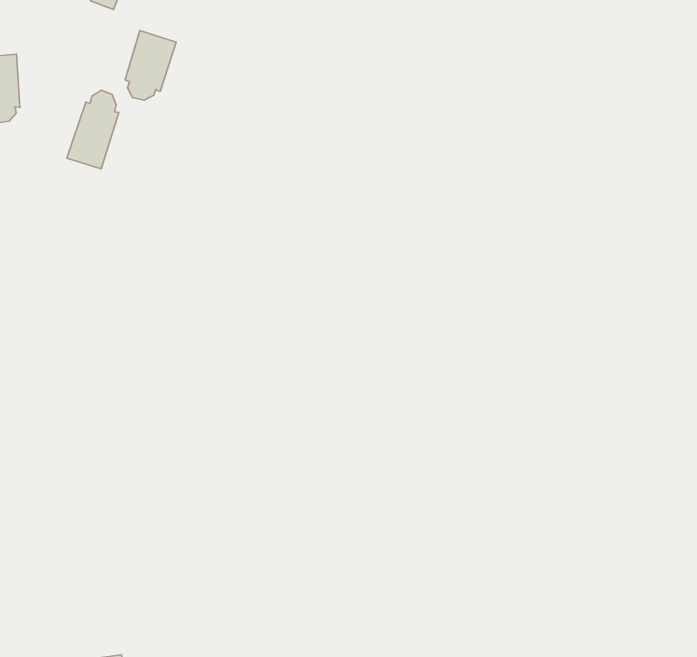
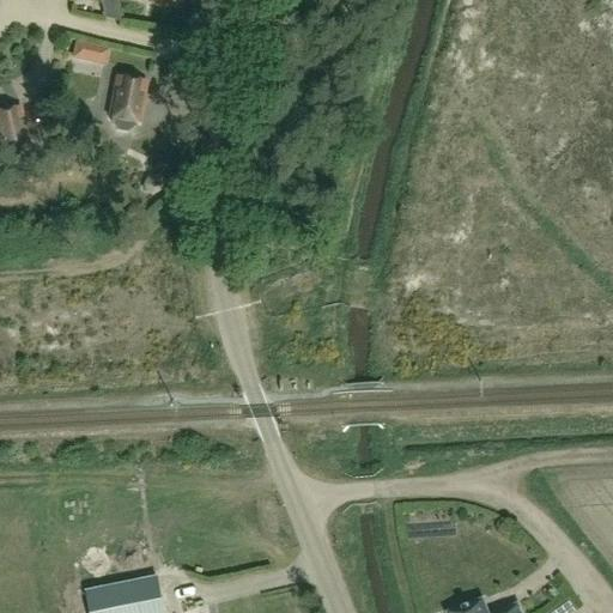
building: [67,90,119,169] -> none

